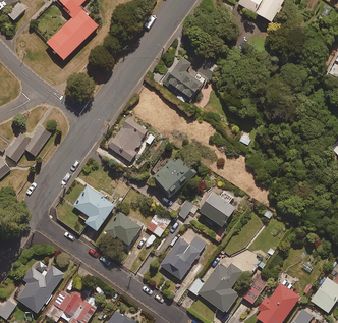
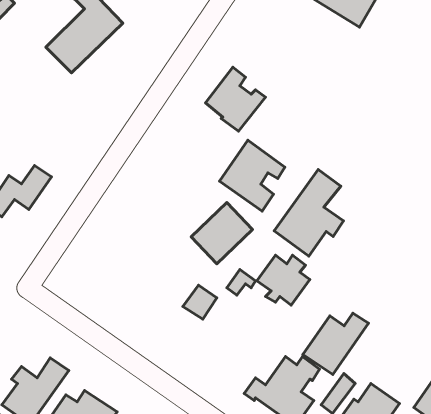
building: [107,116,154,167] -> [219,140,285,211]
building: none -> [274,169,343,256]
building: [72,185,113,229] -> none
building: [104,210,142,245] -> none
building: [159,235,206,279] -> [303,313,368,374]

